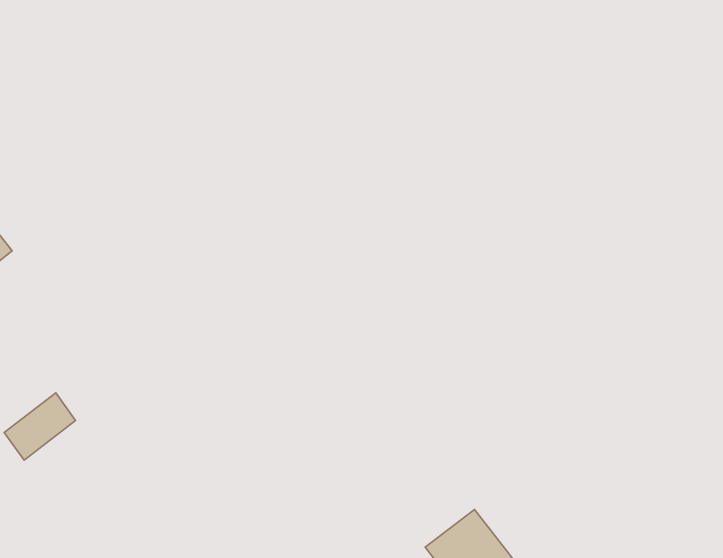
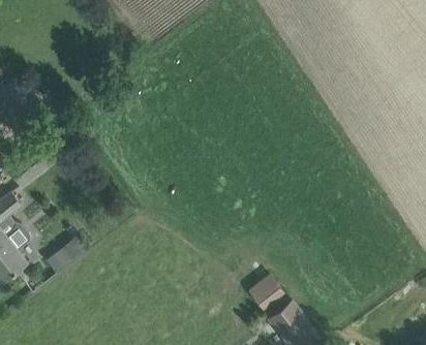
building: none -> [248,275,284,309]

